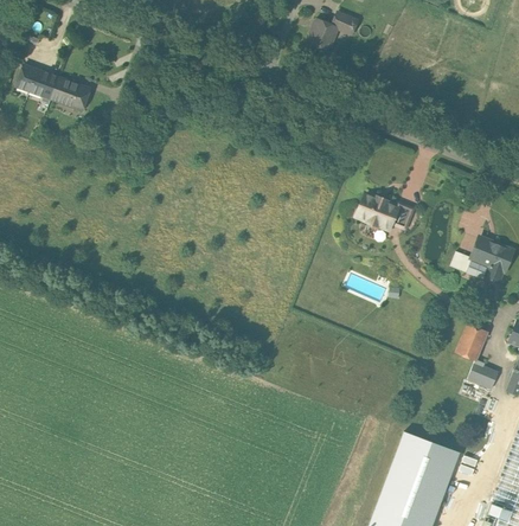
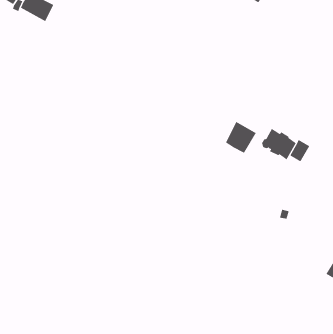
building: none -> [225,121,256,154]

